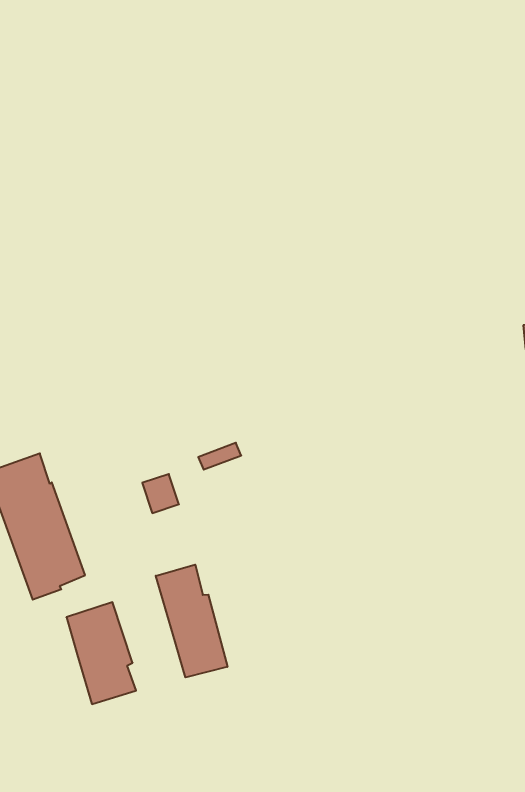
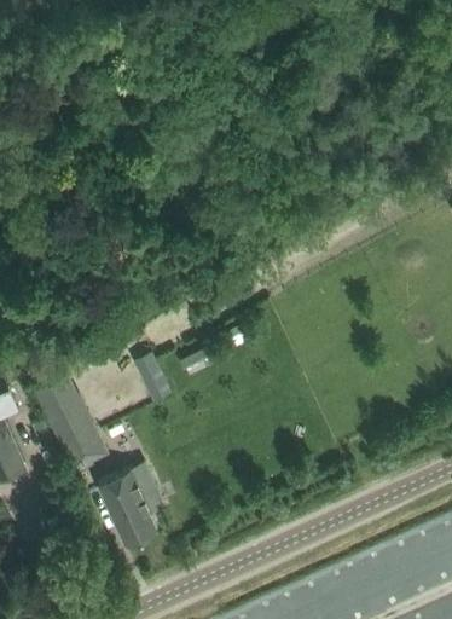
building: [156,565,227,677] -> none

